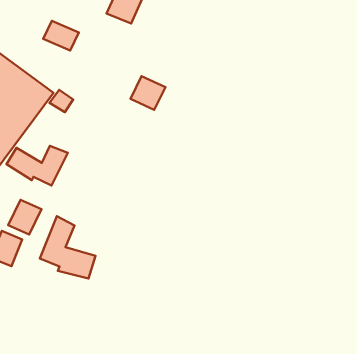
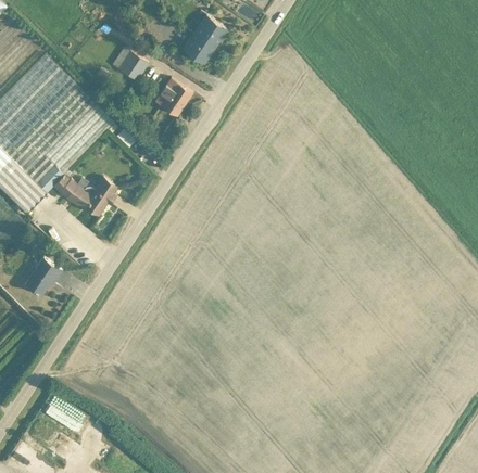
building: [130,76,165,110] -> [153,79,191,116]
building: [8,200,42,234] -> none
building: [40,216,95,279] -> none

